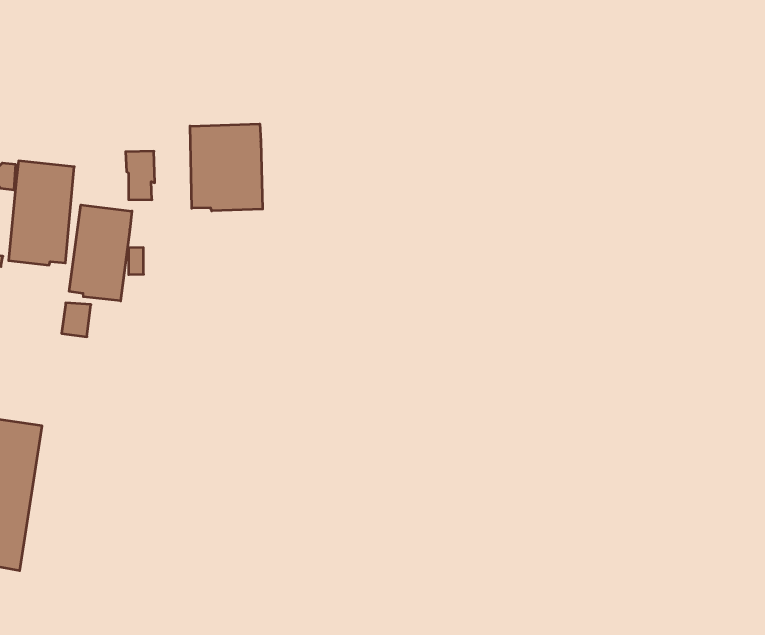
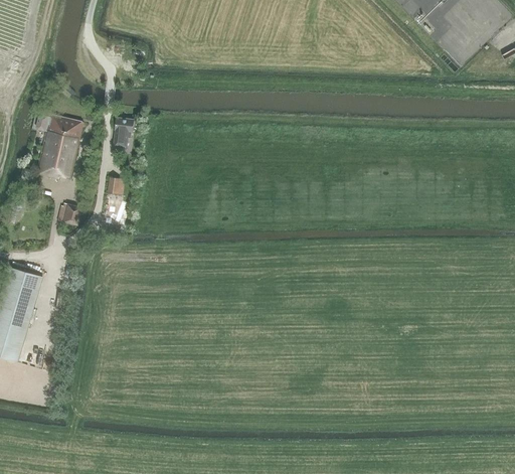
building: [190,124,263,211] -> none
building: [69,205,132,301] -> none

